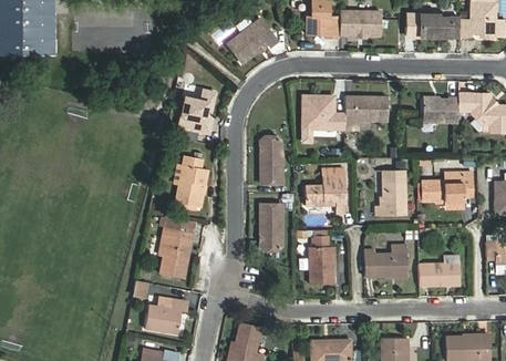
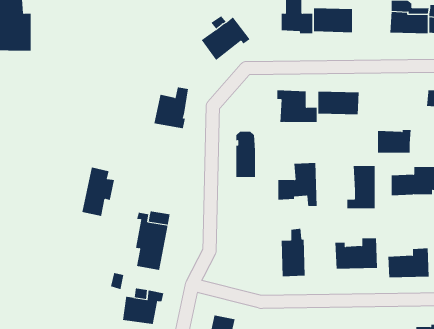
building: [423,95,458,120] -> [377,129,412,153]
building: [174,156,208,207] -> [81,167,115,217]
building: [261,203,282,249] -> none

